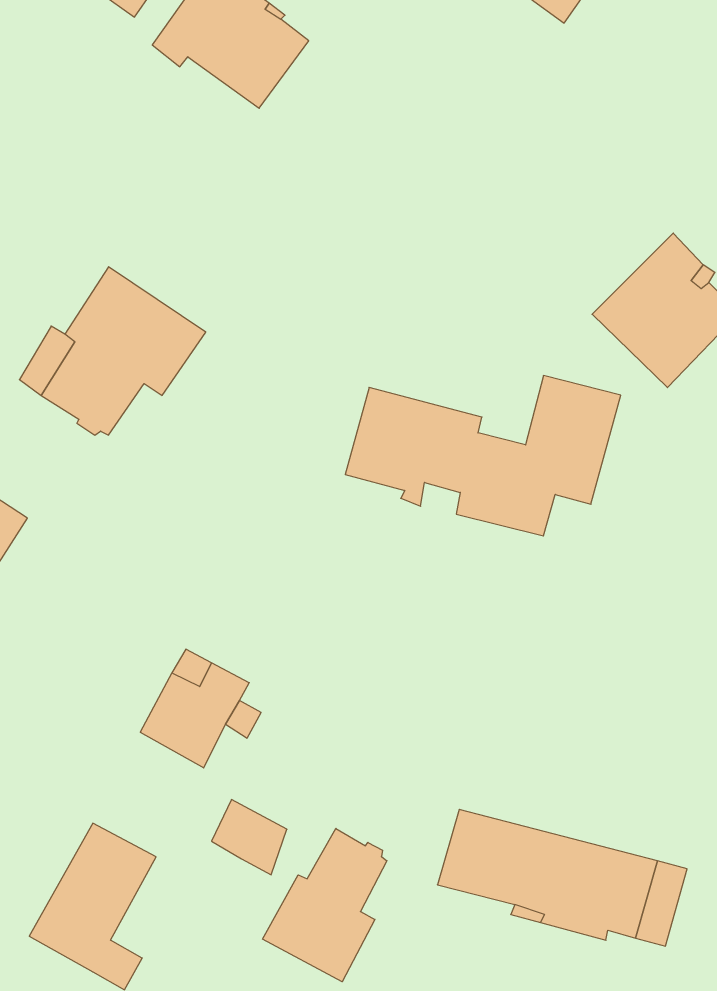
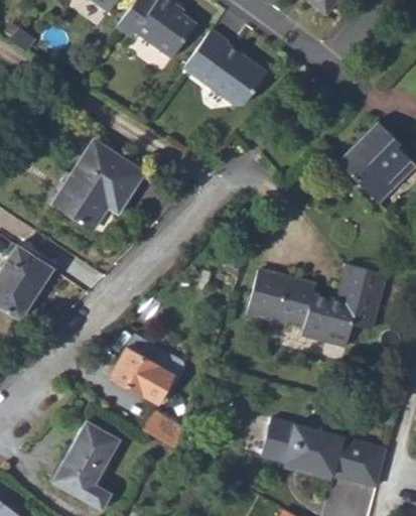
building: none -> [184,31,266,108]
building: [345,376,621,536] -> [246,264,386,346]
building: [263,828,387,982] -> none

